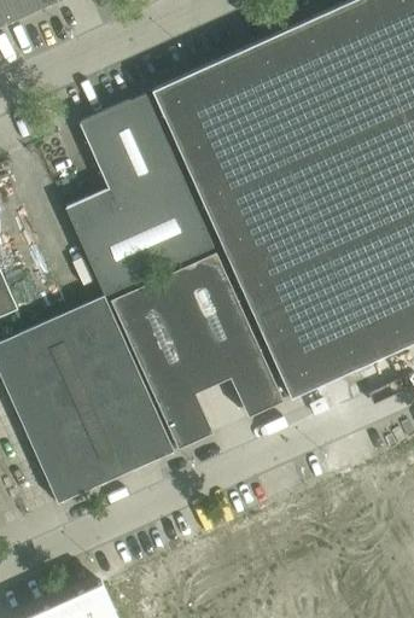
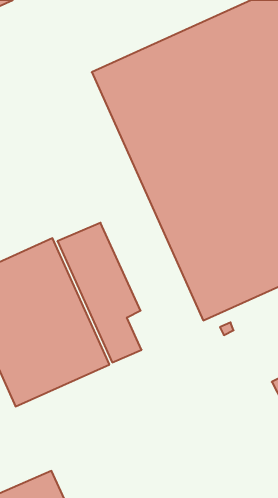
building: [65,94,214,296] -> none
building: [163,252,284,416] -> none

